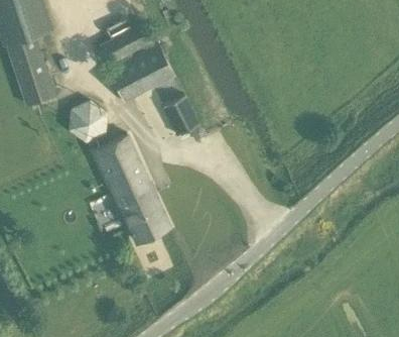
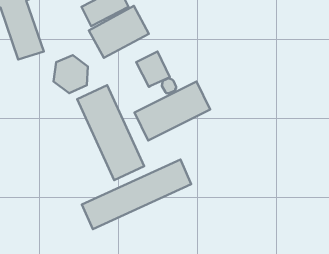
building: none -> [135,82,210,140]
building: none -> [82,159,191,229]

